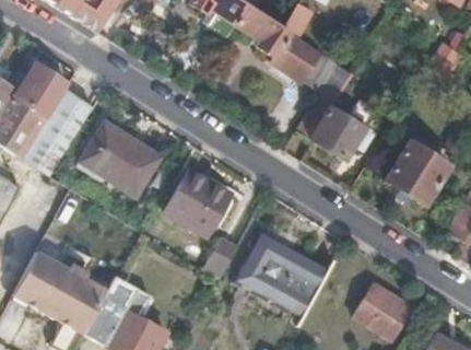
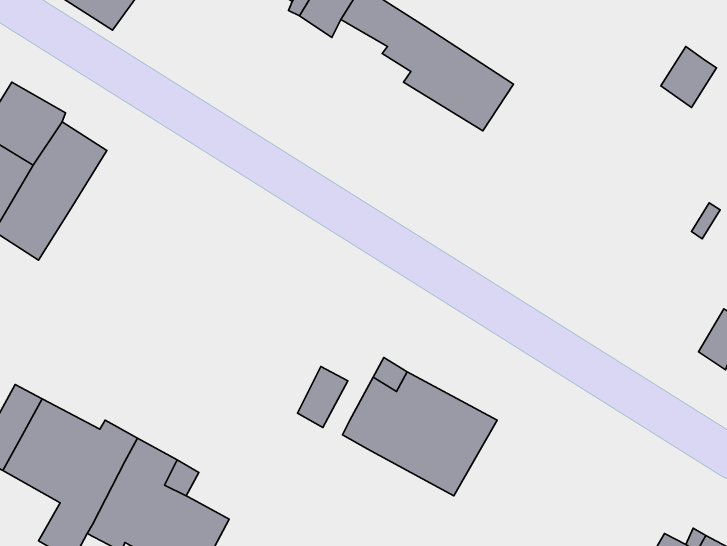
building: [297,65,373,160] -> none
building: [75,118,157,192] -> none
building: [384,142,449,206] -> none
building: [164,171,233,236] -> none
building: [353,288,411,338] -> none

